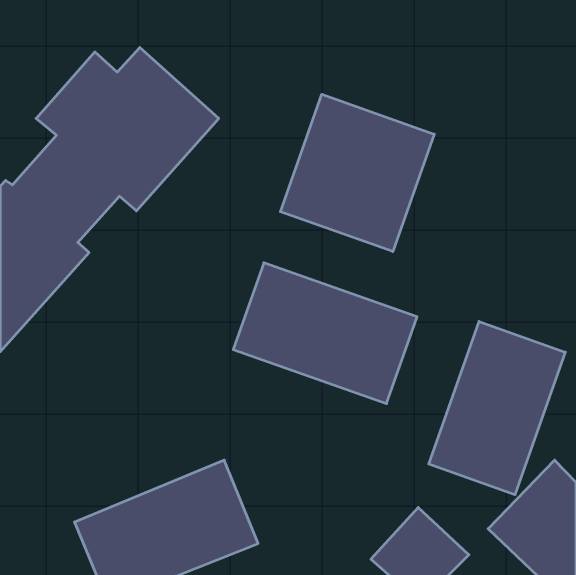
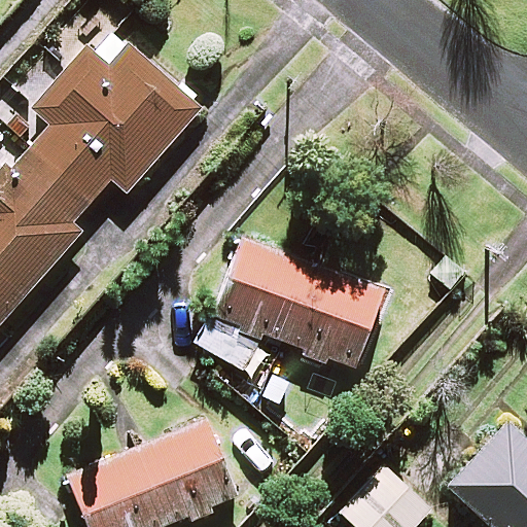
building: [280,94,434,252] -> none
building: [429,321,565,495] -> none

